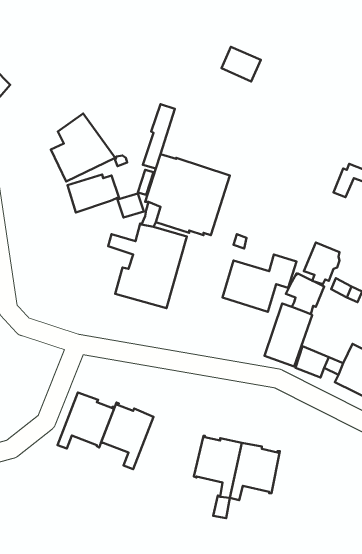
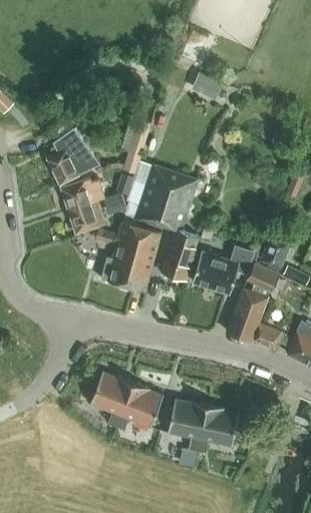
building: none -> [68,201,105,233]
building: none -> [162,228,199,281]
building: [57,393,115,449] -> [116,383,165,430]

